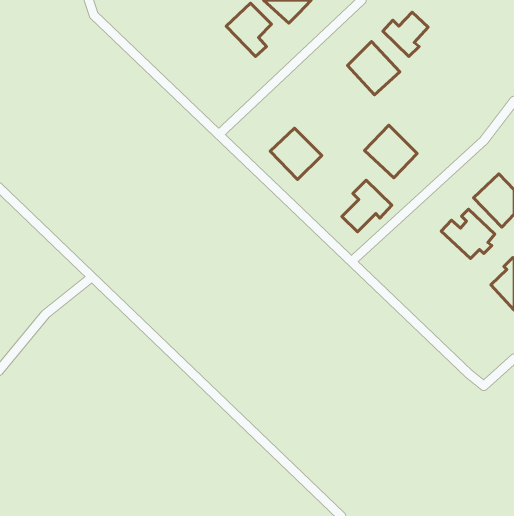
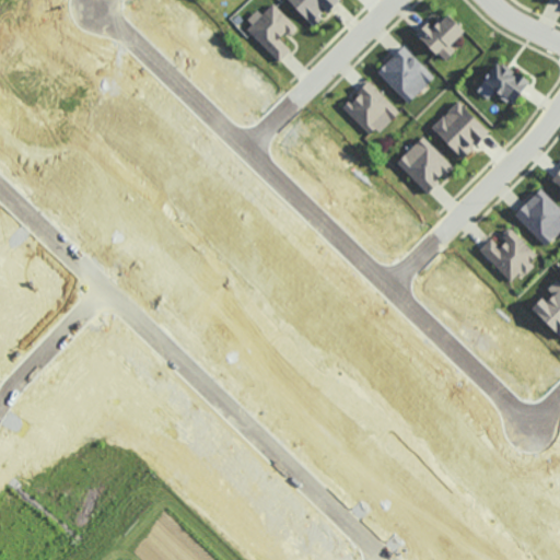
building: none -> [476,60,527,104]
building: none -> [430,101,488,159]
building: [270,128,322,180] -> [341,81,397,137]
building: [342,180,392,232] -> none

